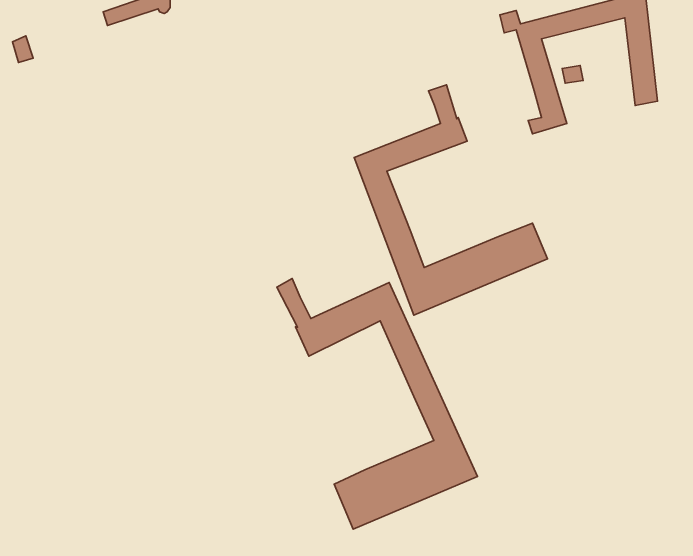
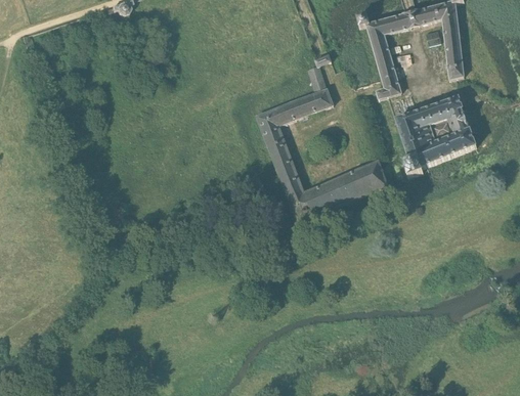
building: none -> [391,96,475,177]
building: [277,279,478,529] -> none

